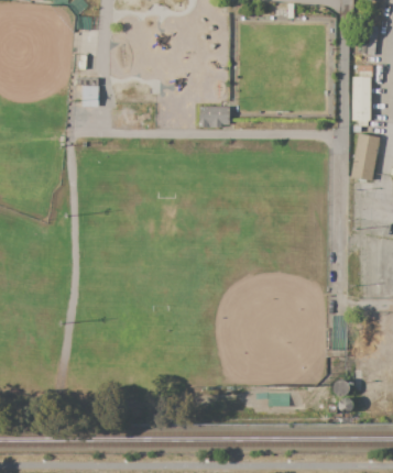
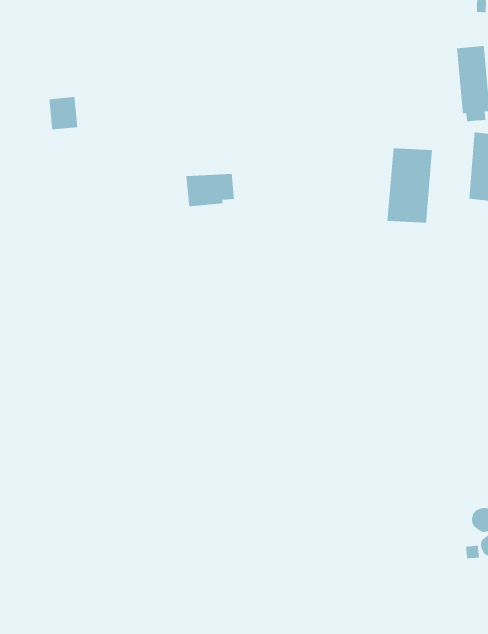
building: [199,106,230,127] -> [186,173,235,207]
building: none -> [387,147,433,224]

